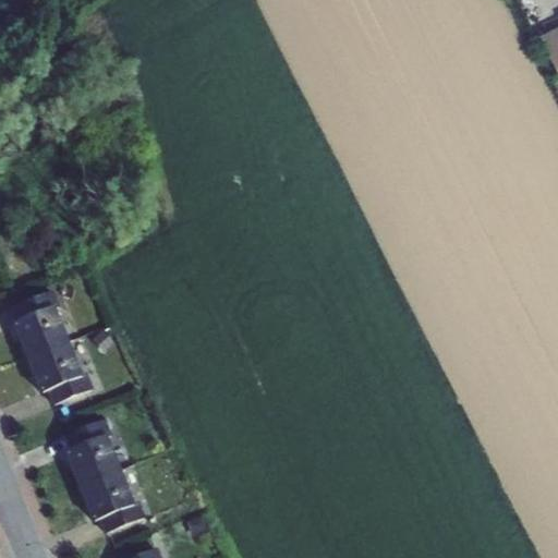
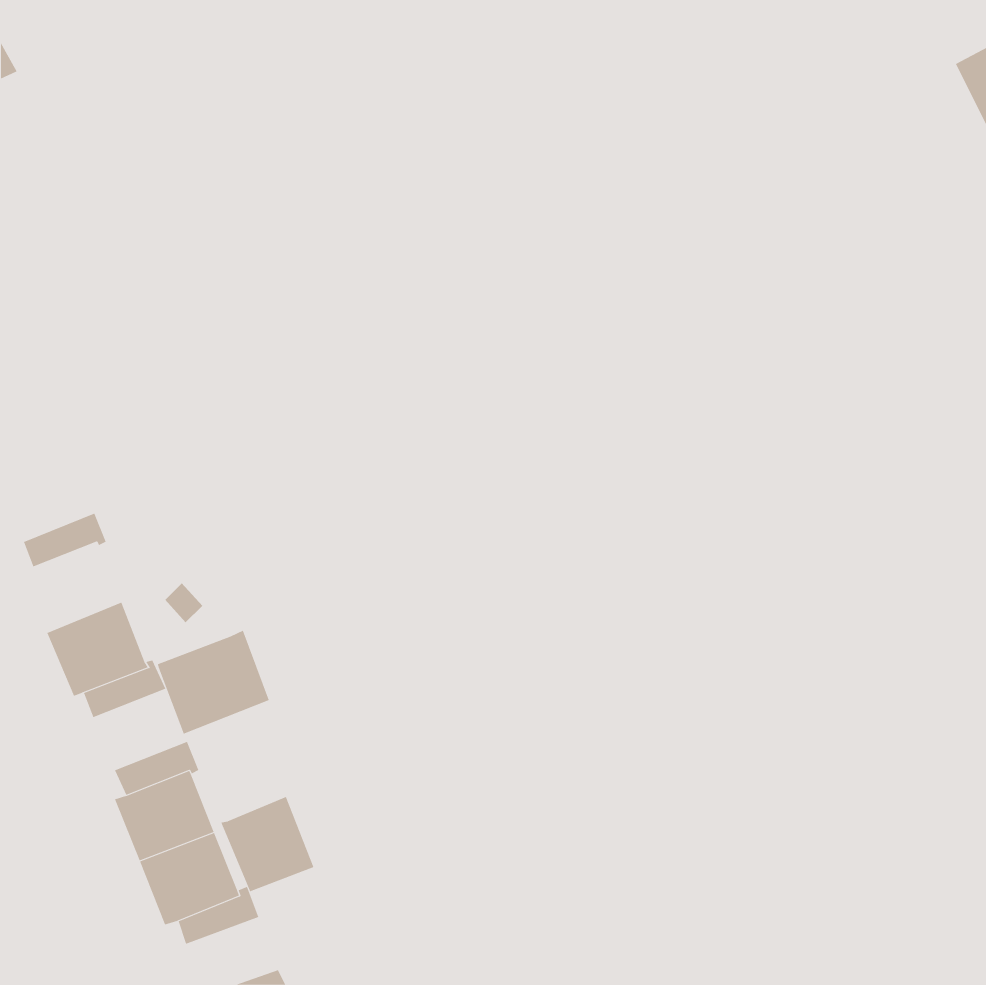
building: [13,305,70,356] -> none
building: none -> [157,630,269,735]
building: none -> [220,796,314,892]

